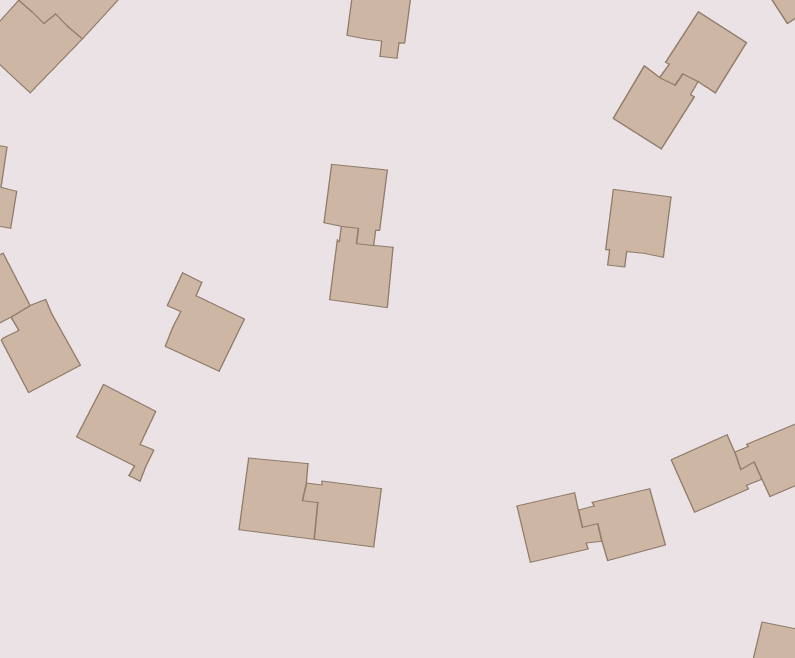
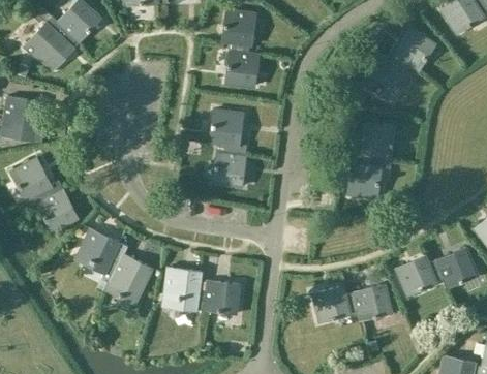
building: none -> [224,42,260,86]
building: none -> [346,156,382,197]
building: [165,273,244,371] -> [110,242,152,294]

